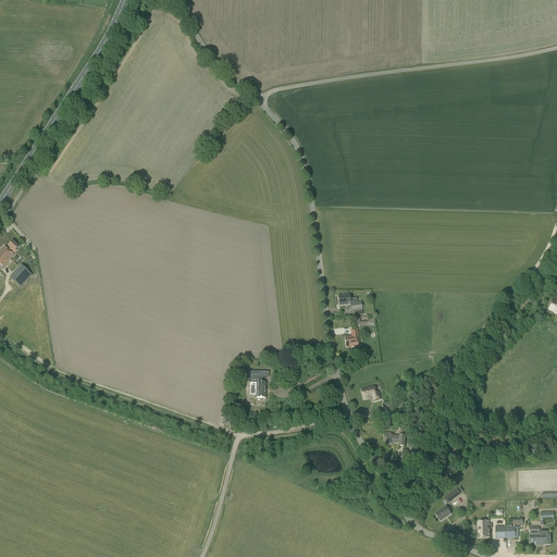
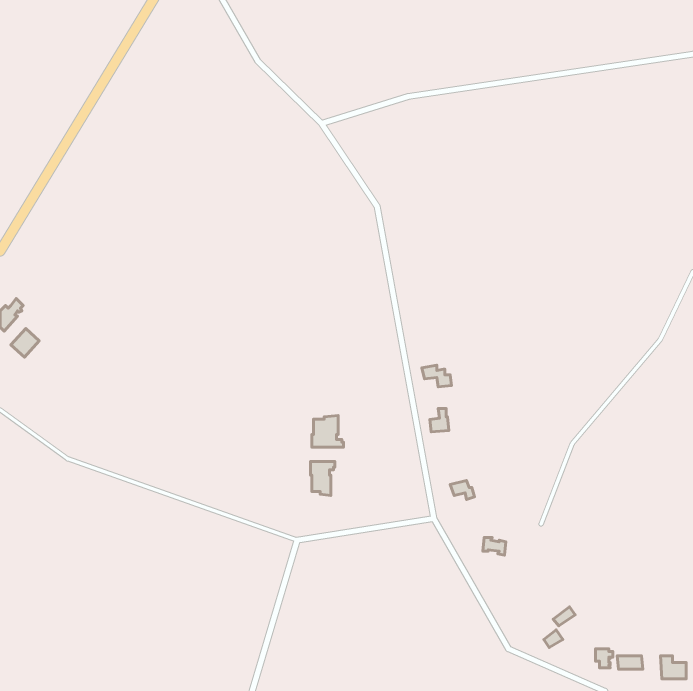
building: none -> [312,415,344,447]

